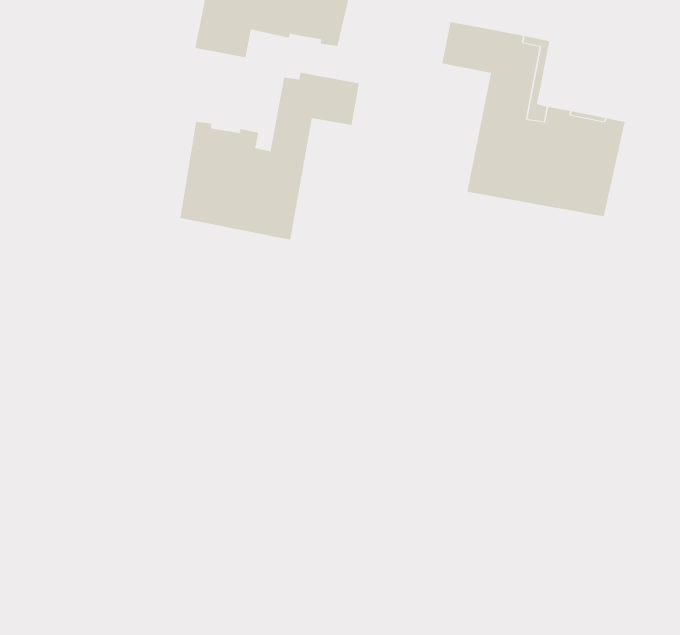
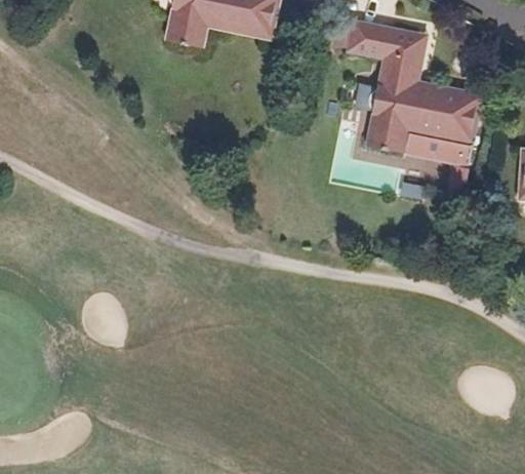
building: [180,72,359,240] -> none

